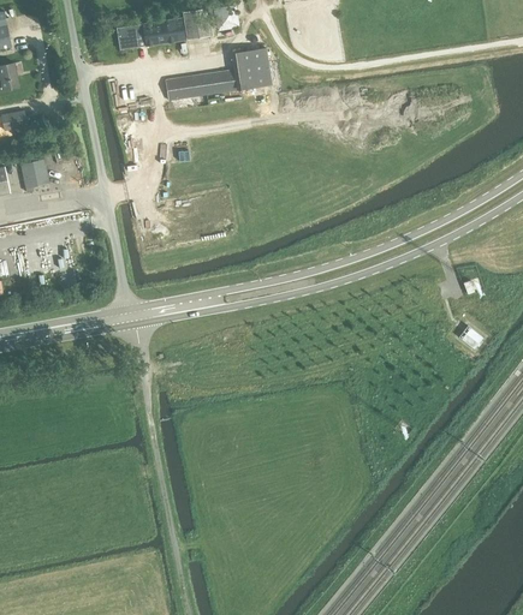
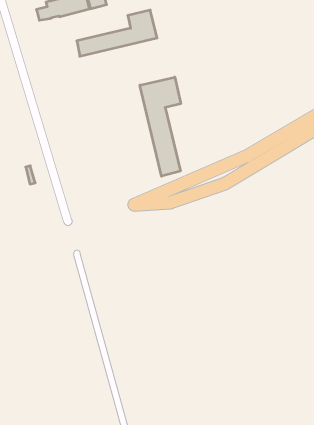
building: none -> [140,77,181,176]

